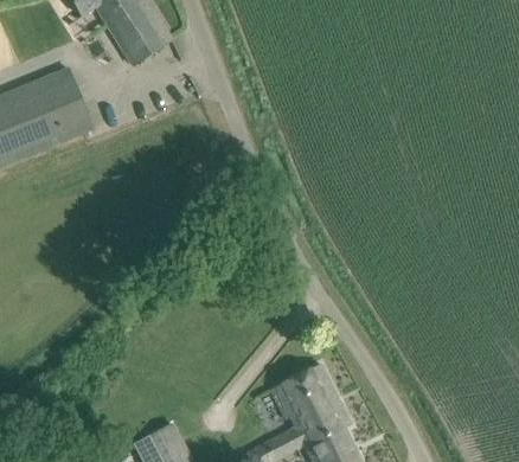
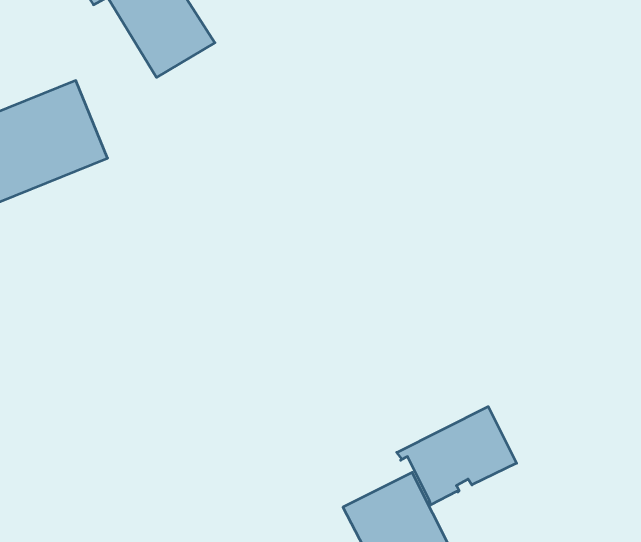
building: none -> [397,407,517,505]

